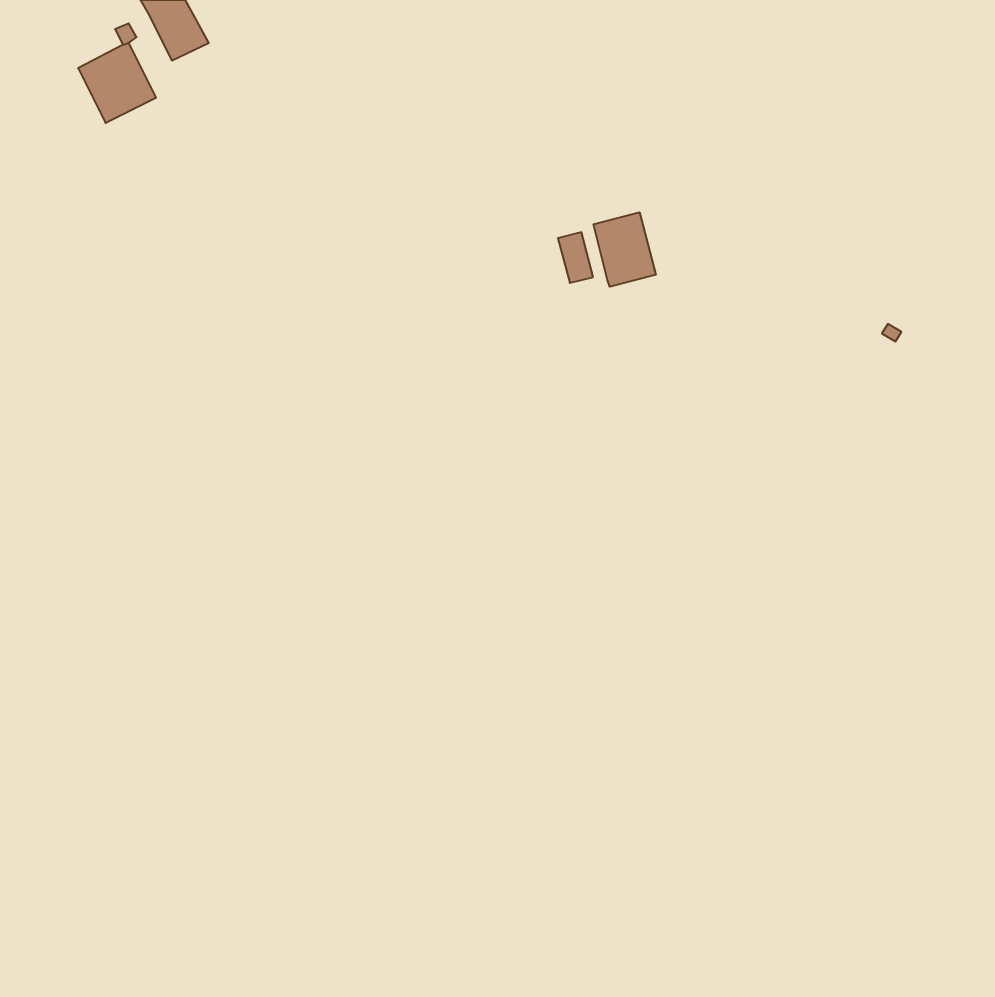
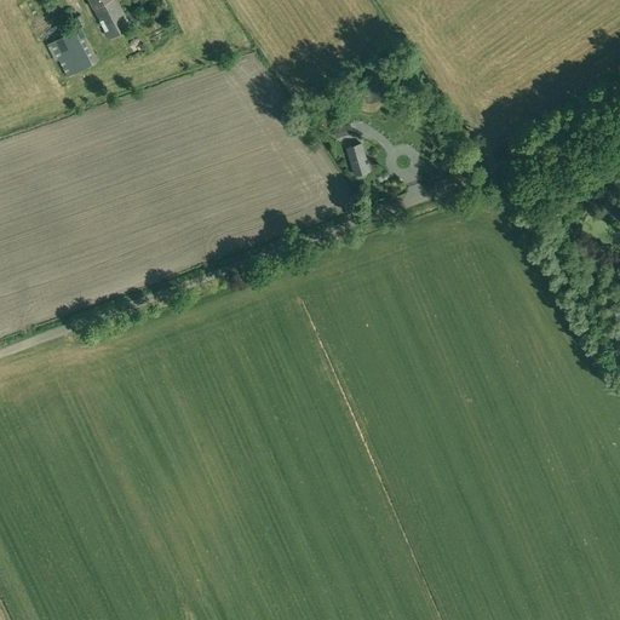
building: [593,212,656,287] -> none

